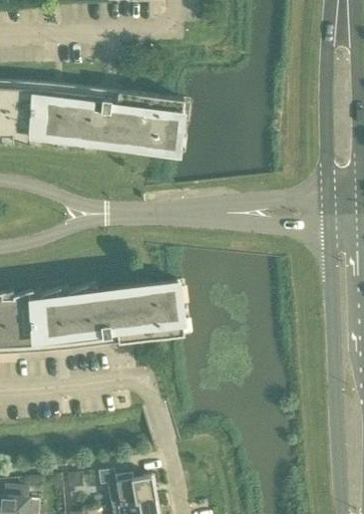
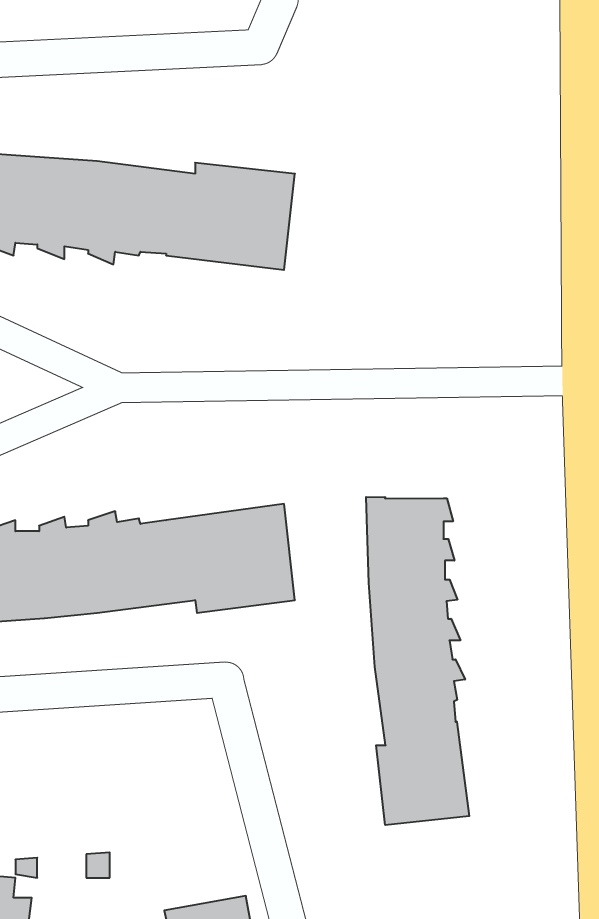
building: none -> [366,497,469,825]
building: [106,472,155,506] -> none

